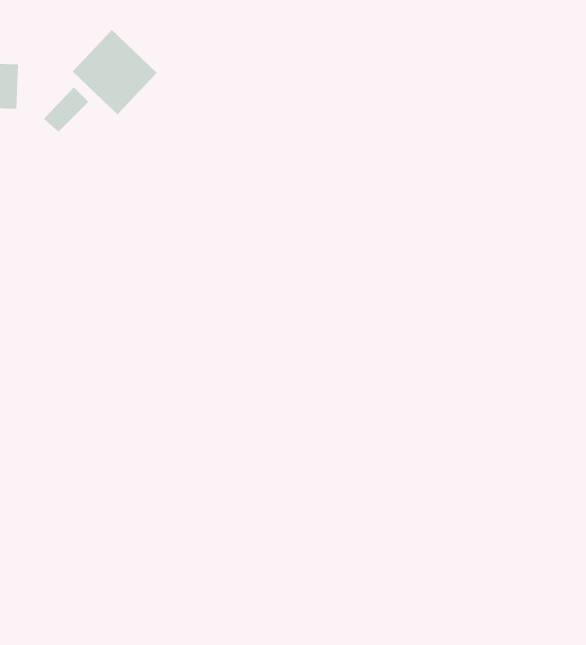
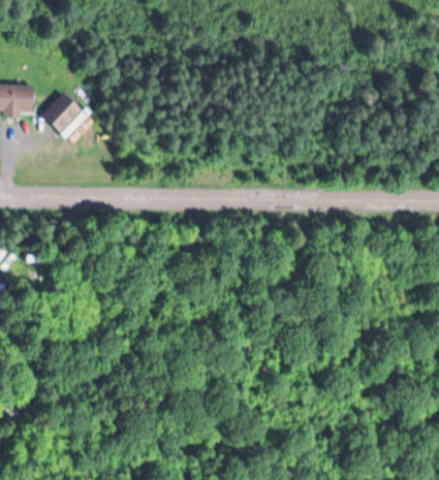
building: [72,29,157,115] -> none

